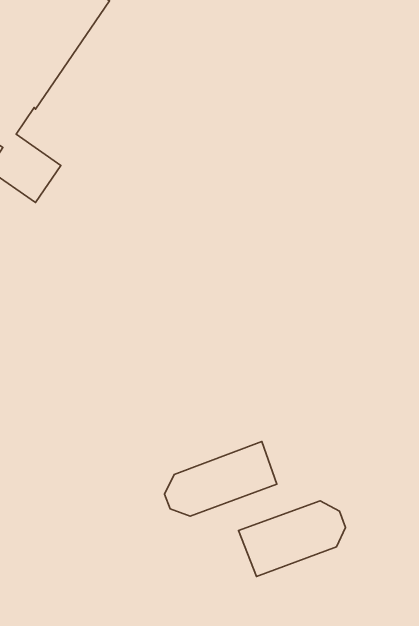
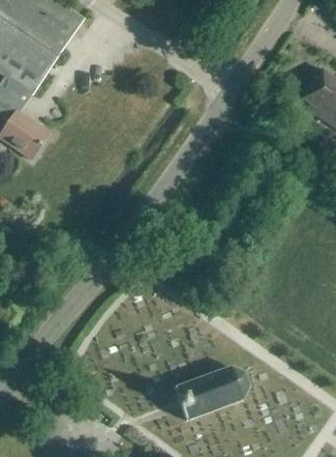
building: [165,441,277,516] -> none

